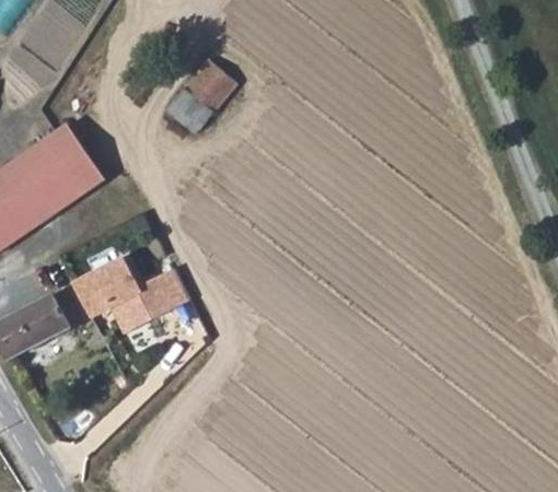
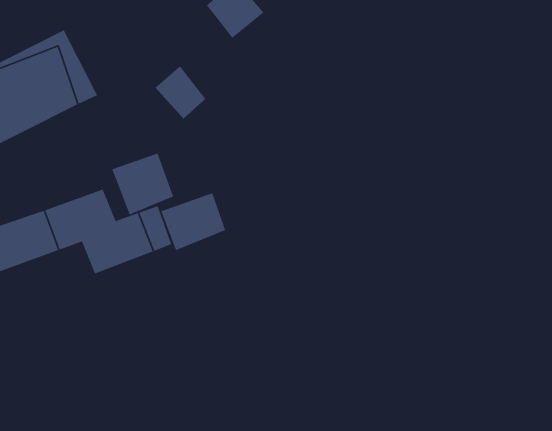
building: [166,84,213,131] -> [154,65,206,119]
building: none -> [111,153,174,215]
building: none -> [160,192,226,251]

